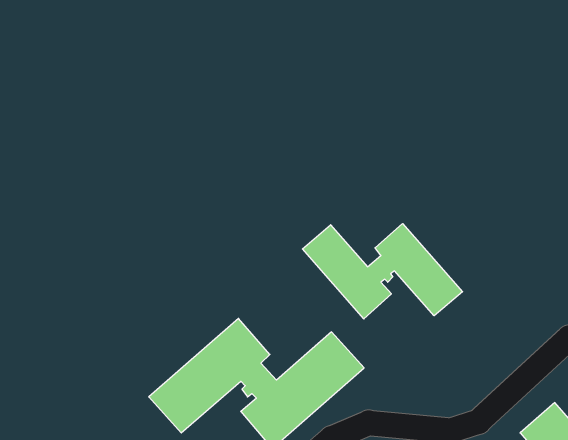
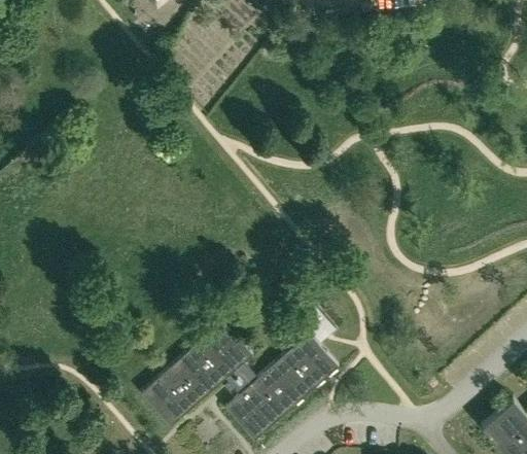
building: [302,224,463,319] -> none

